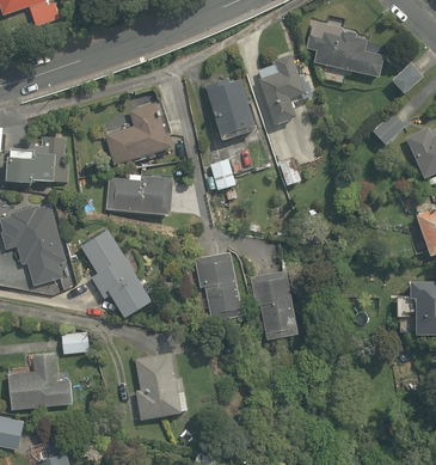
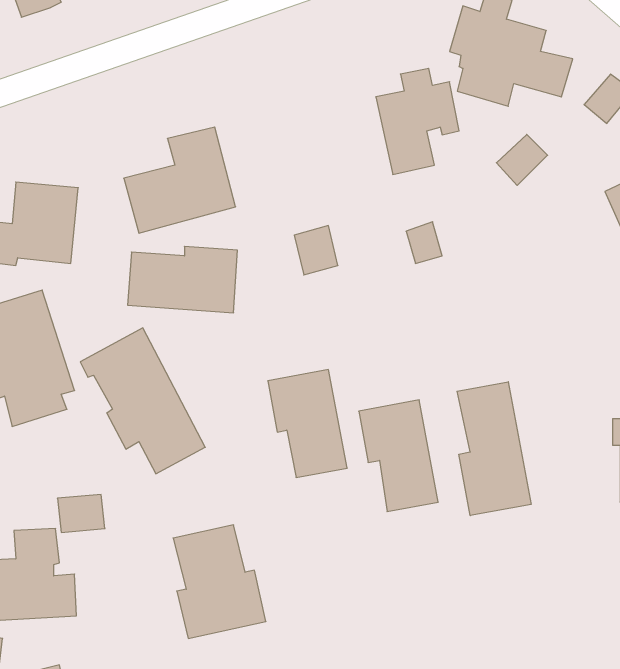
building: [204,75,258,140] -> none
building: [371,112,404,145] -> [496,134,548,185]
building: none -> [457,382,531,516]

